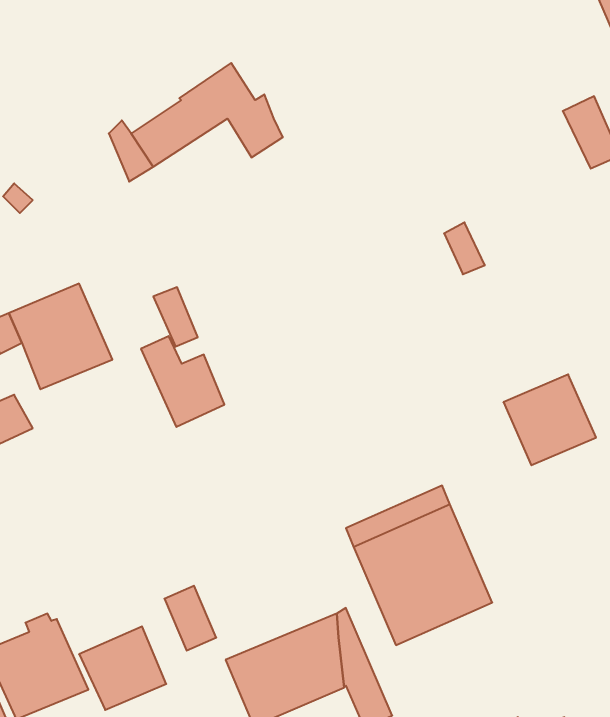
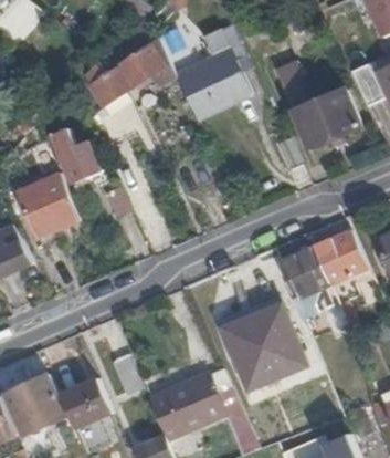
building: none -> [176,27,251,117]
building: none -> [275,61,361,148]
building: [141,336,224,427] -> [52,128,102,183]
building: none -> [278,246,330,324]

